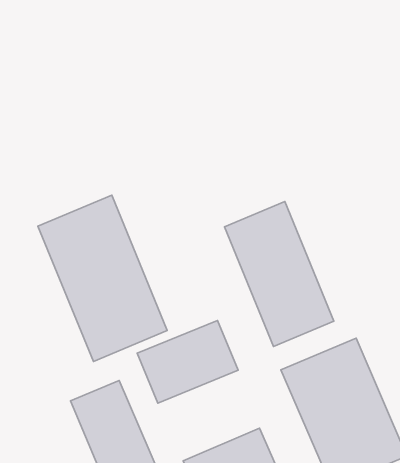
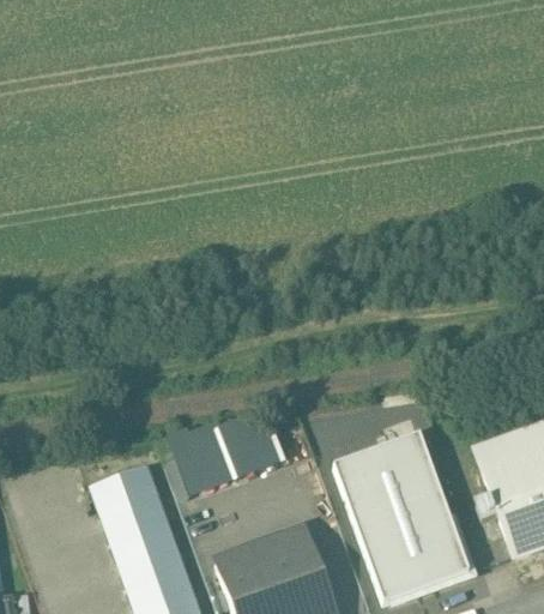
building: [38,195,167,362] -> none
building: [225,201,334,347] -> none

